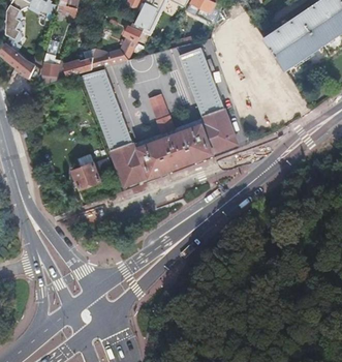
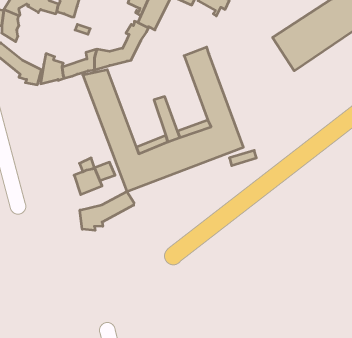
building: none -> [80,191,134,230]

